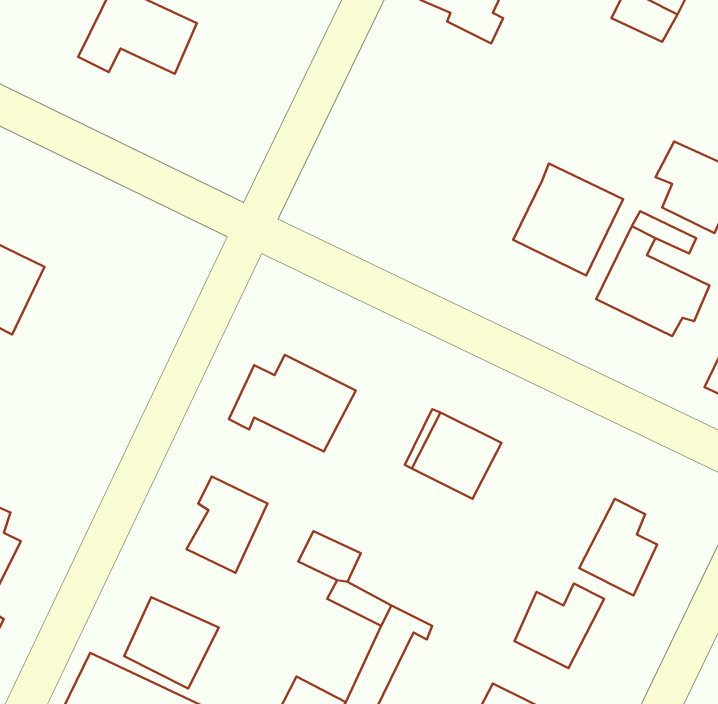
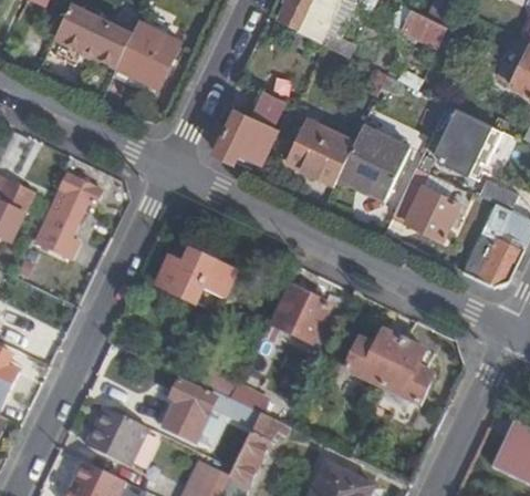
building: none -> [118,23,179,85]
building: none -> [209,90,278,163]
building: none -> [288,113,358,184]
building: none -> [35,176,103,265]
building: [186,476,268,573] -> [162,381,215,444]
building: [514,583,604,668] -> [347,334,406,390]

